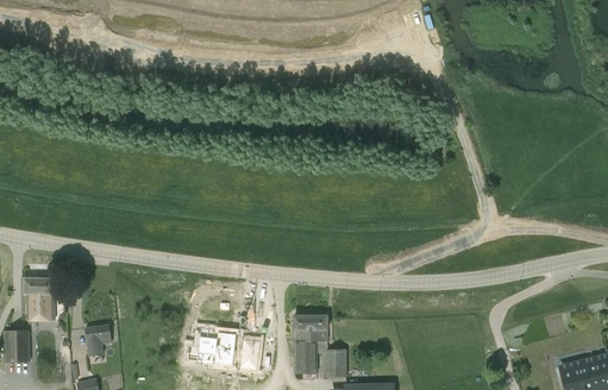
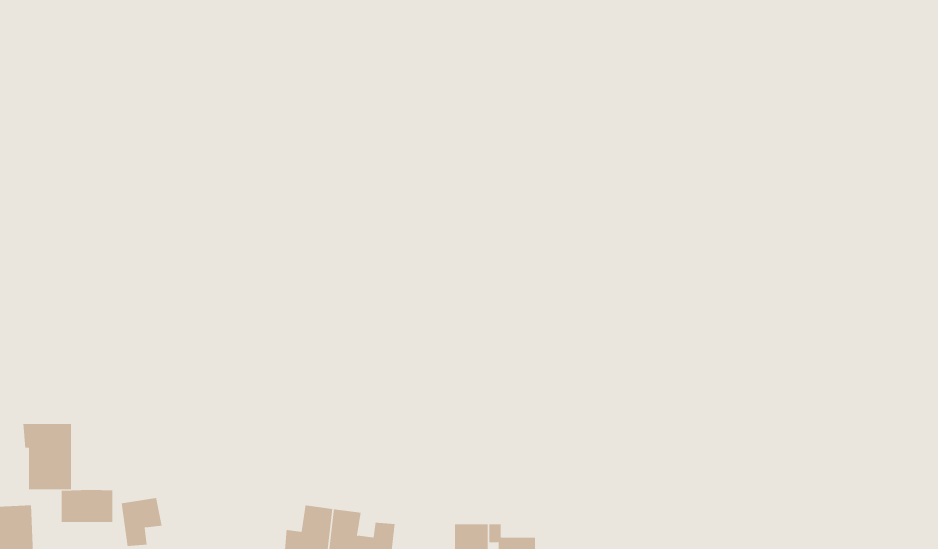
building: [294,315,327,341] -> none
building: none -> [61,489,113,523]

